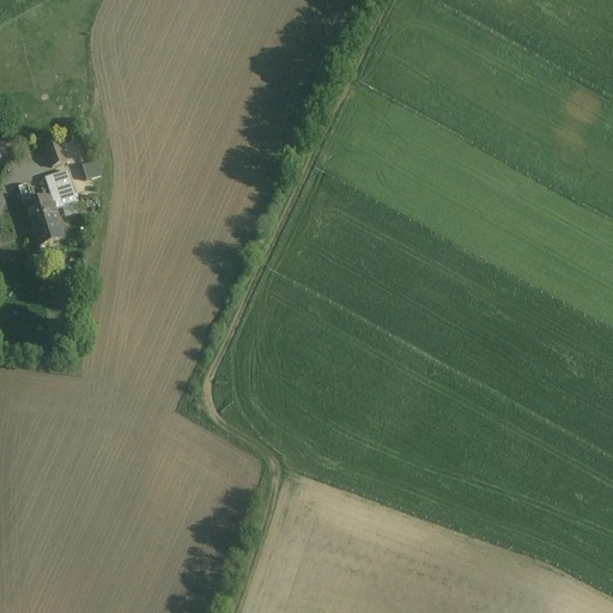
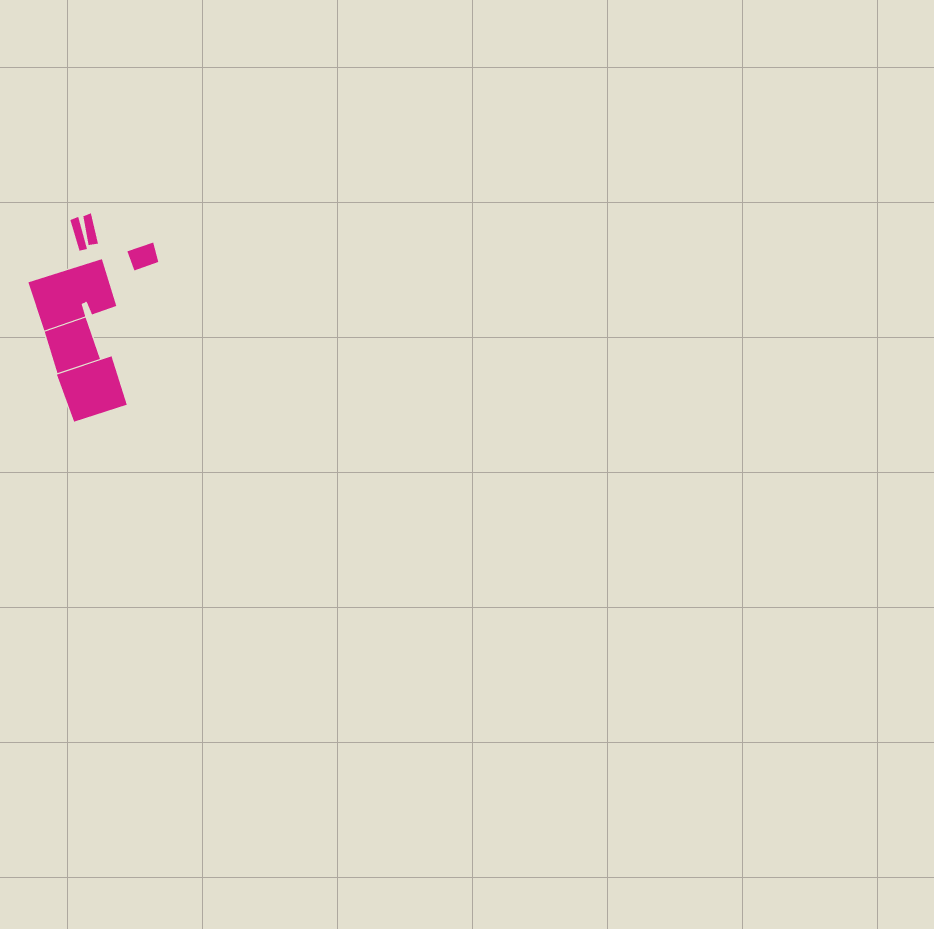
building: none -> [56,355,128,422]

